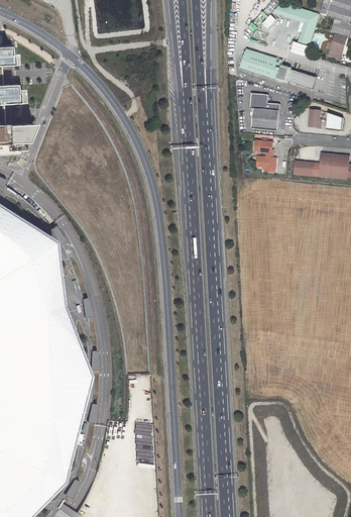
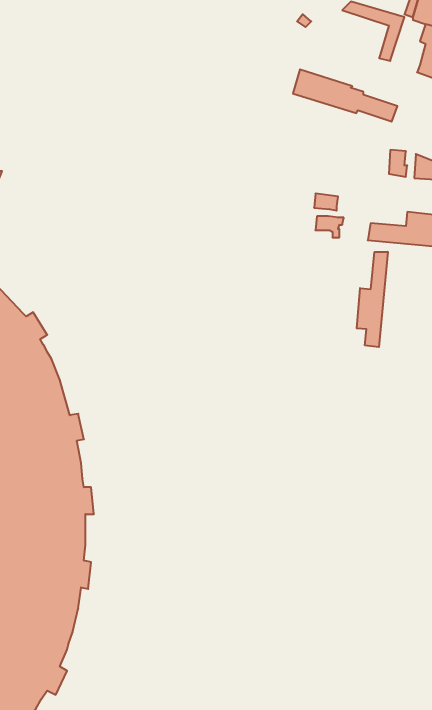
building: [244,93,274,130] -> none
building: none -> [357,252,388,347]

